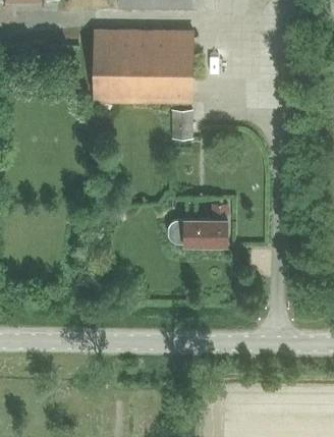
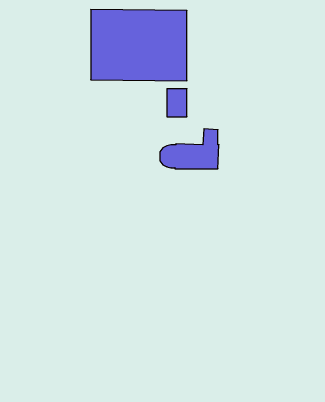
building: [168,204,228,244] -> [160,129,219,169]

